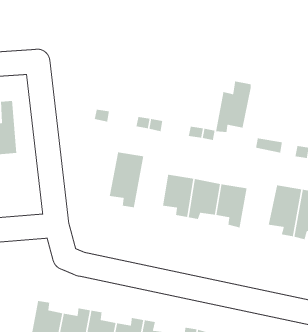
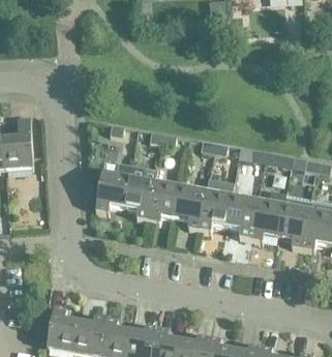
building: [215,81,252,133] -> [250,189,285,240]
building: none -> [95,161,131,212]
building: none -> [148,181,180,221]

